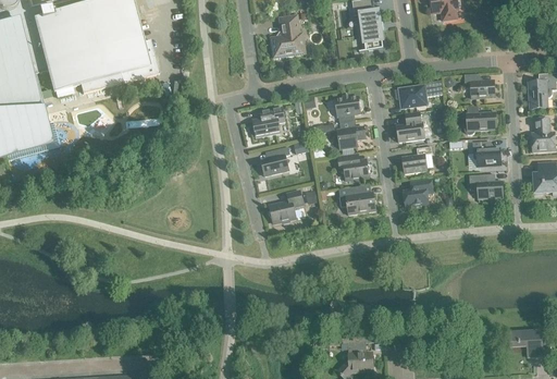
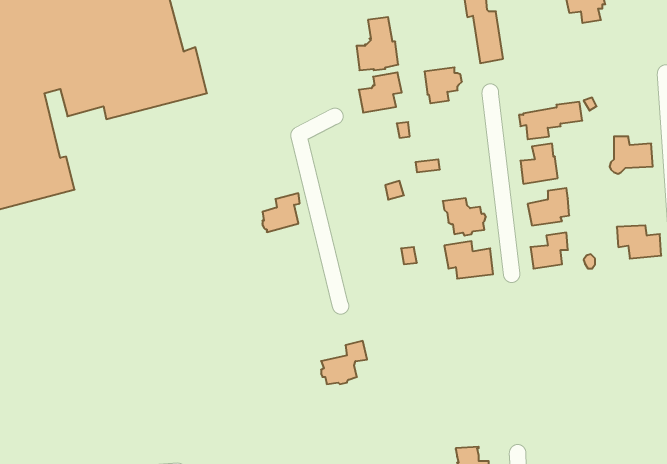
building: [463,73,495,97] -> none
building: [335,95,363,122] -> [424,67,462,103]
building: [252,106,285,136] -> [359,72,402,113]
building: [337,125,366,148] -> none
building: [472,140,500,166] -> none
building: [261,146,289,175] -> [262,193,300,232]
building: [269,190,304,222] -> [321,341,367,384]

